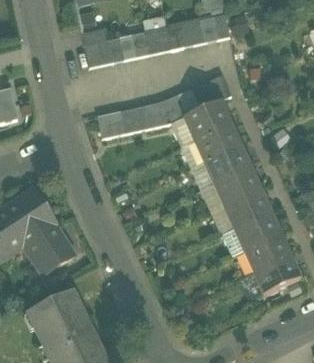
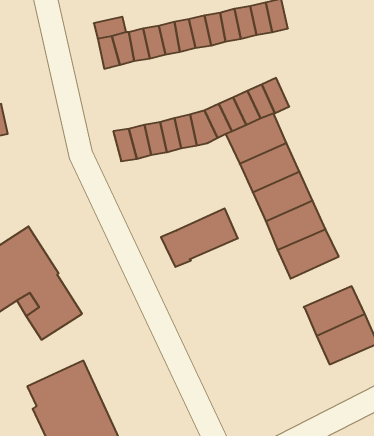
building: [222,211,281,256] -> [161,208,238,267]

